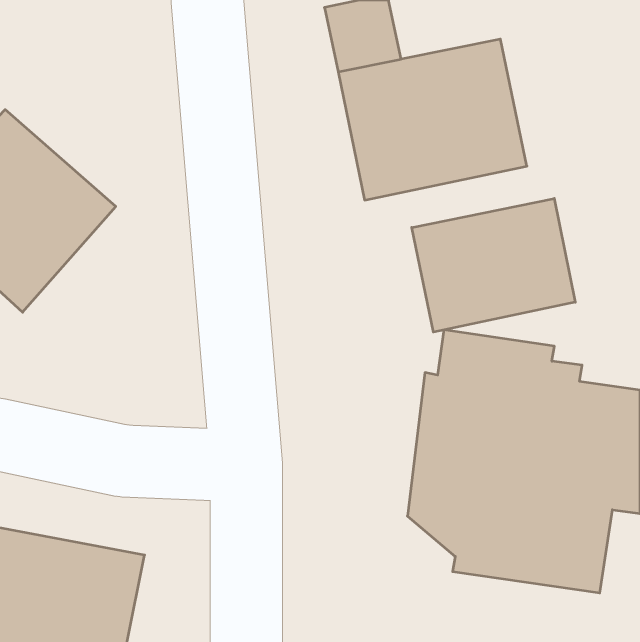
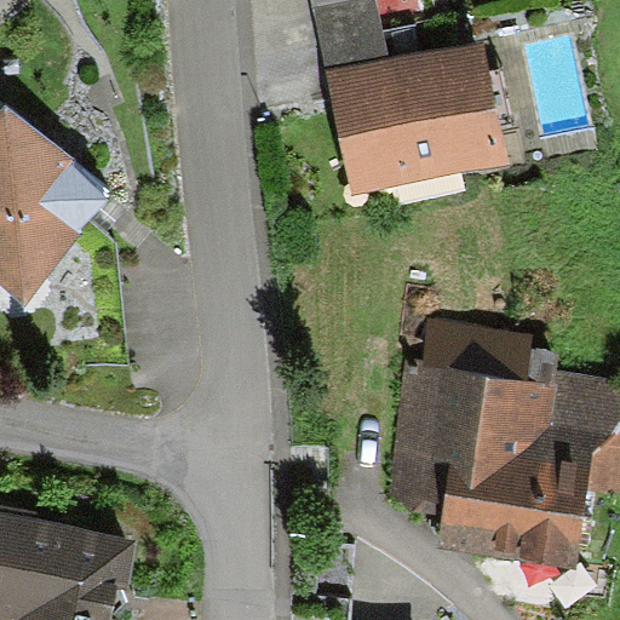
building: [412,198,575,332] -> none

